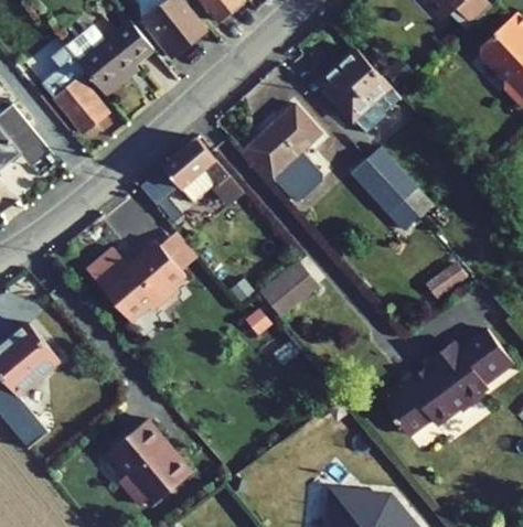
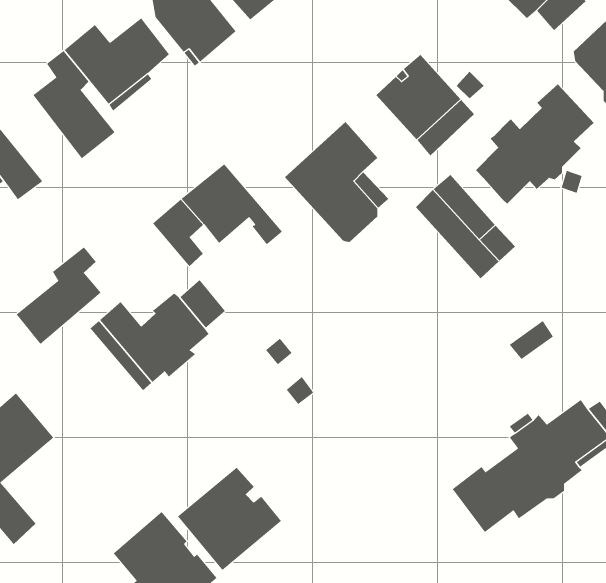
building: none -> [475,84,594,204]
building: none -> [16,246,101,345]
building: [263,265,317,316] -> none
building: none -> [177,467,282,571]

